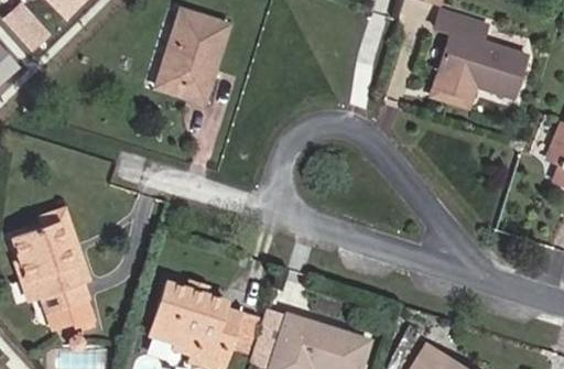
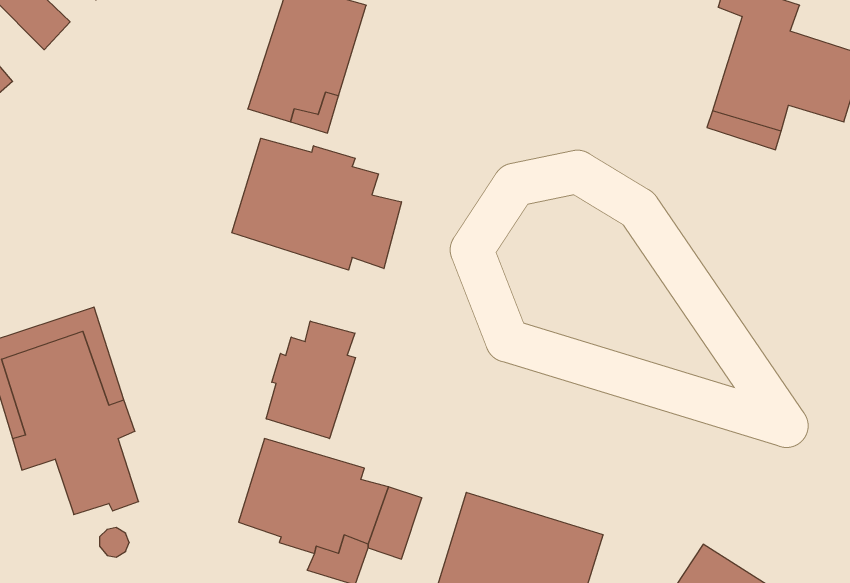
building: none -> [232,138,401,270]
building: none -> [266,321,356,439]

